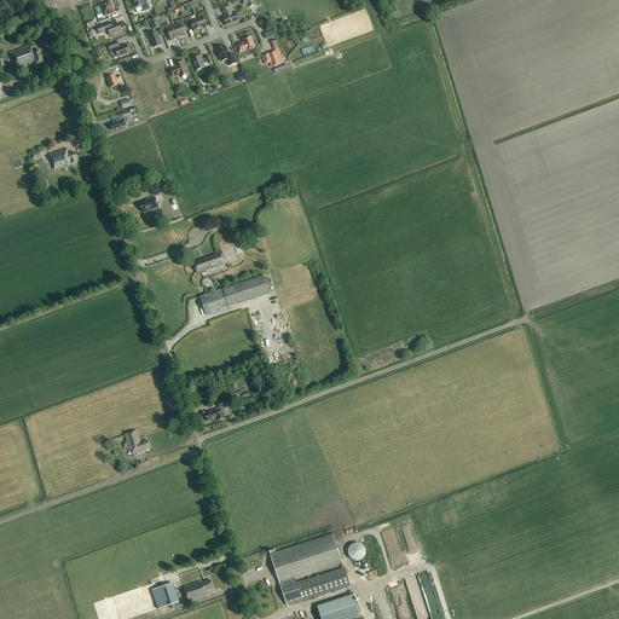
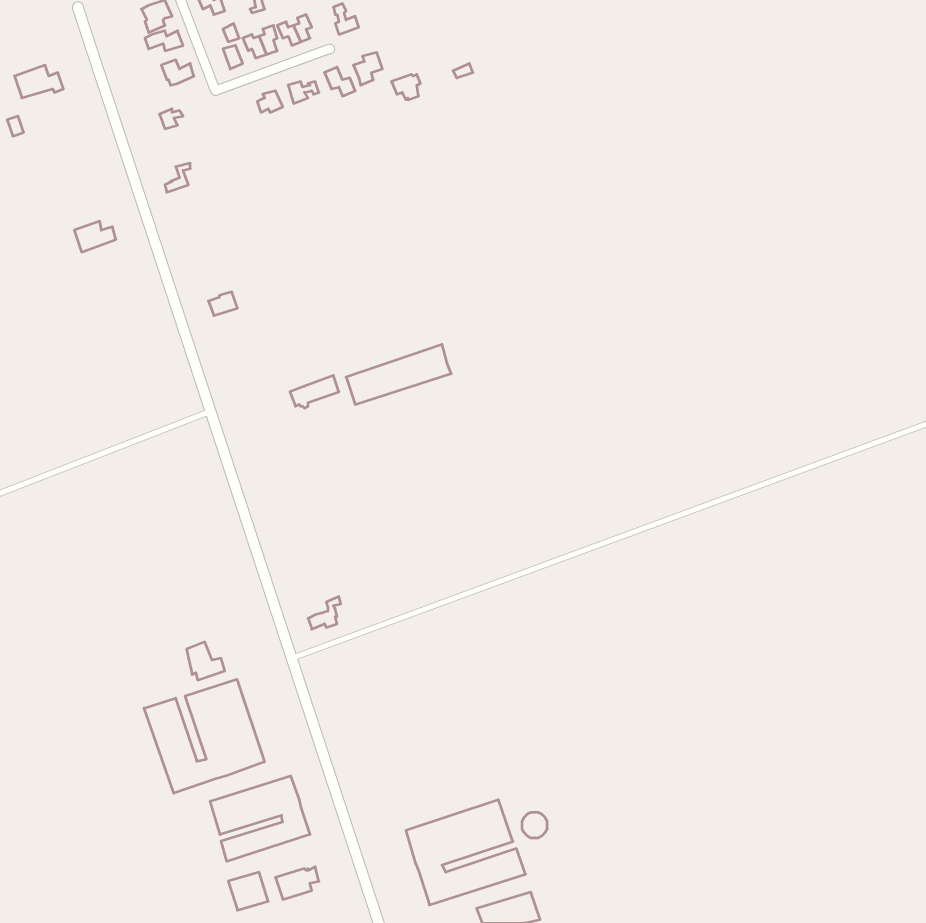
building: [199,273,270,313] -> [346,344,451,404]
building: none -> [144,679,264,793]
building: none -> [210,776,310,861]

